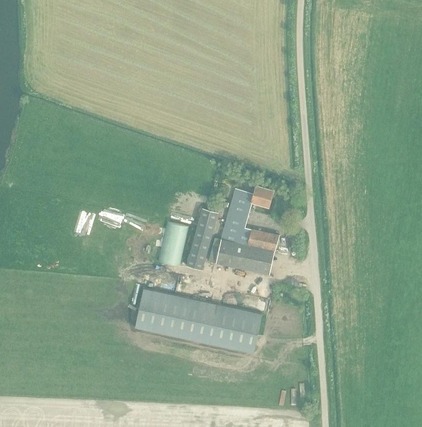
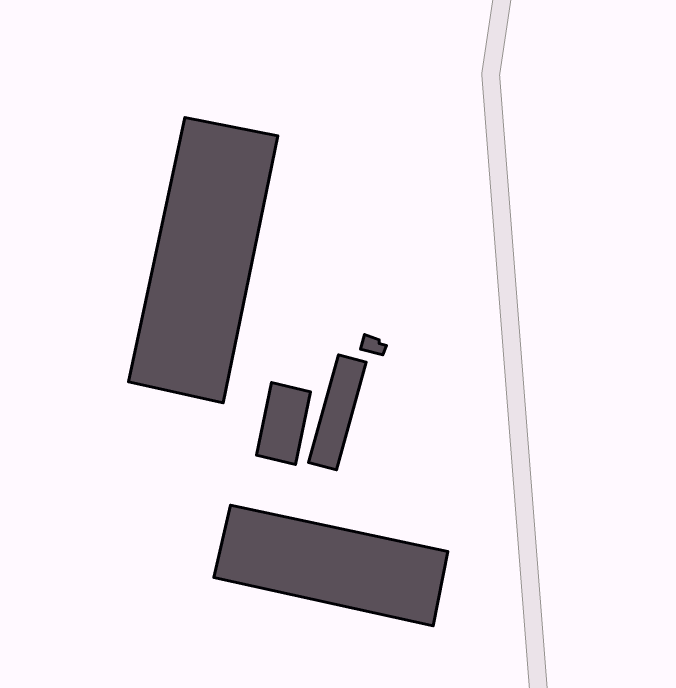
building: none -> [129,118,278,403]
building: [215,185,279,275] -> none

